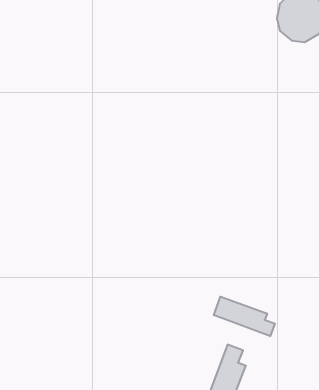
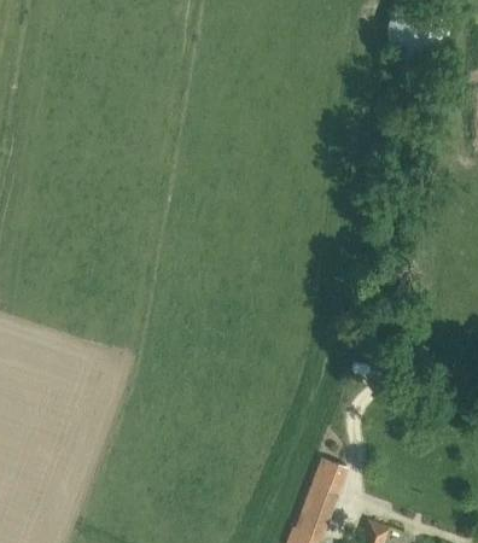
building: [214,297,275,336] -> none

